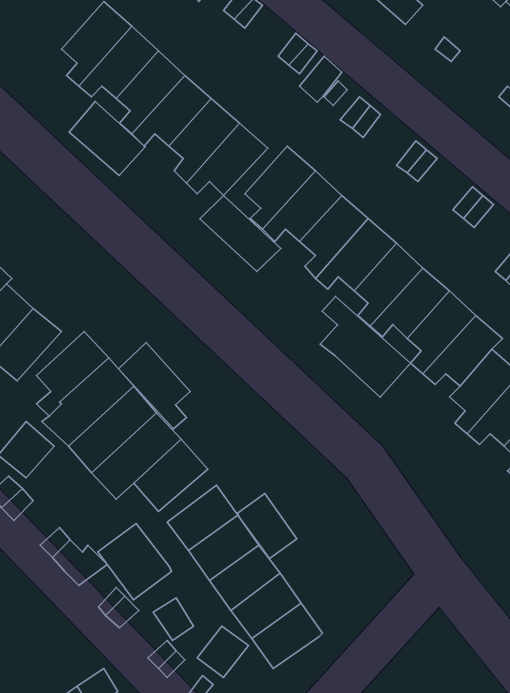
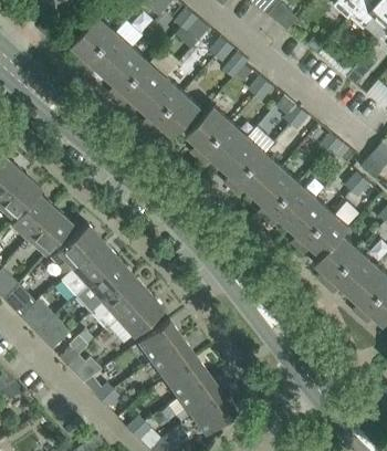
building: [69,102,145,176] -> none
building: [200,196,281,271] -> none
building: [320,297,411,397] -> none
building: [118,343,190,429] -> none
building: [237,493,297,559] -> none
building: [98,523,172,600] -> none

